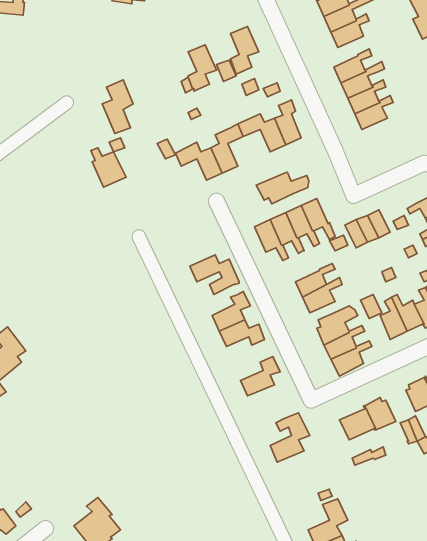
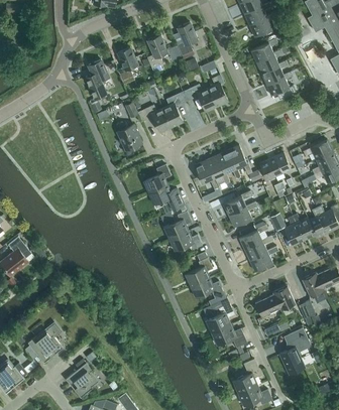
building: none -> [117,47,137,85]
building: [91,148,126,187] -> [117,122,142,150]
building: [256,172,309,204] -> none
building: none -> [143,165,171,193]
building: none -> [190,278,226,302]
building: none -> [25,324,64,364]
building: none -> [211,325,247,348]
building: none -> [279,328,311,374]

